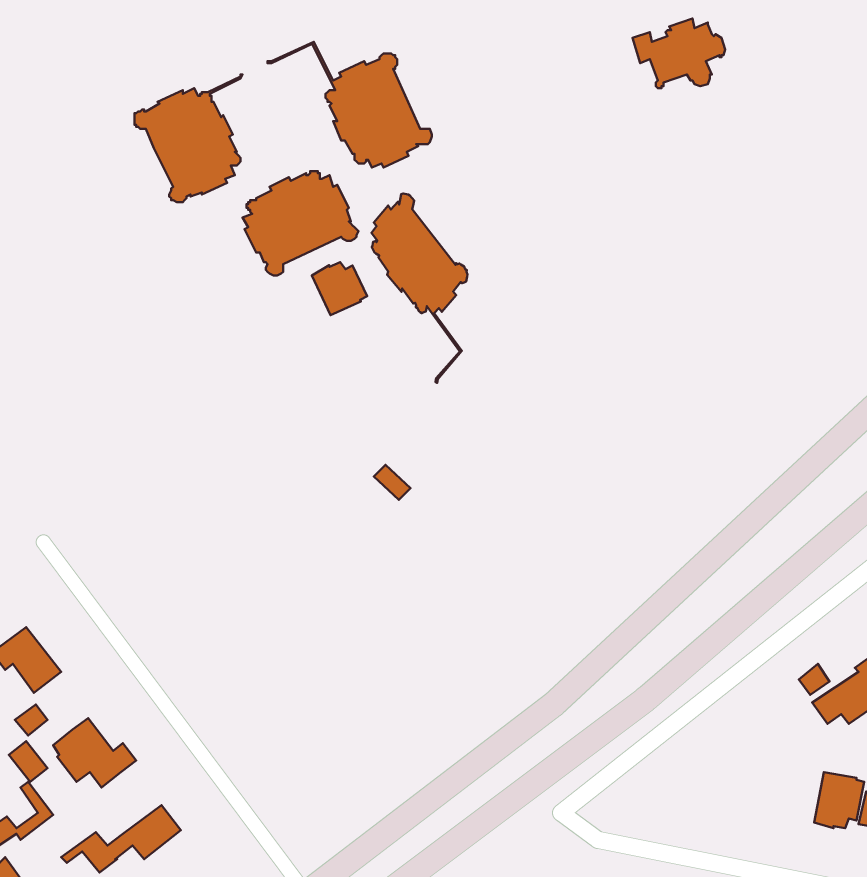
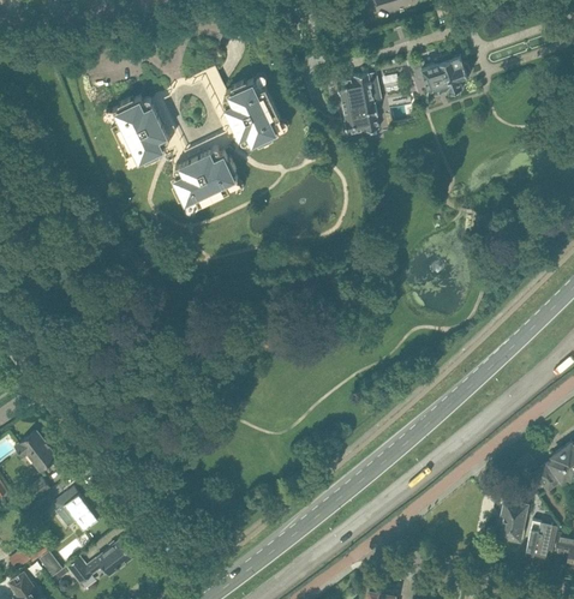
building: none -> [336,73,379,133]
building: [372,193,468,383] -> none
building: [312,262,367,315] -> none
building: none -> [496,493,527,539]

